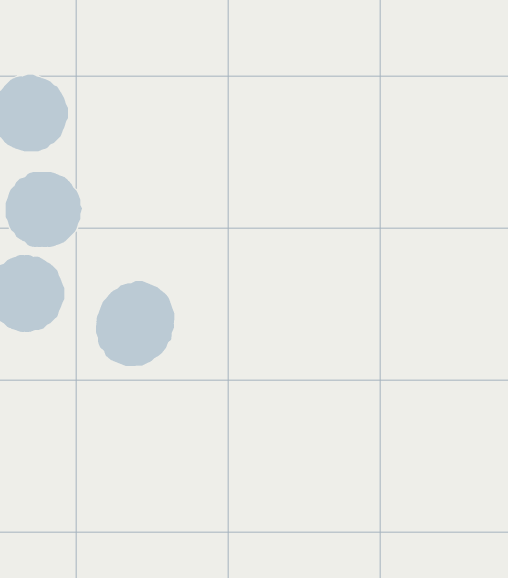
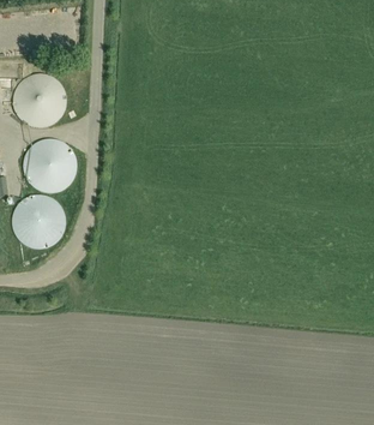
building: [95,280,175,367] -> none

